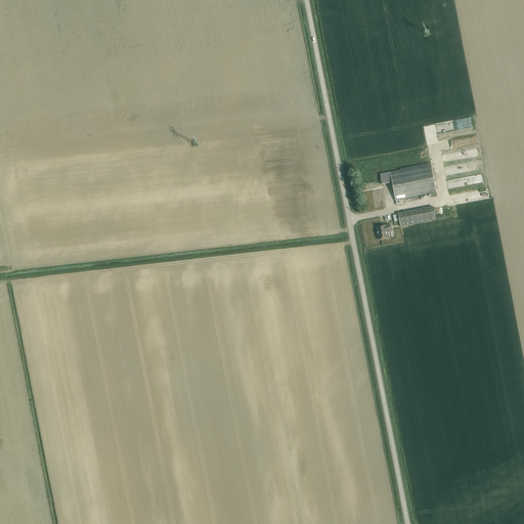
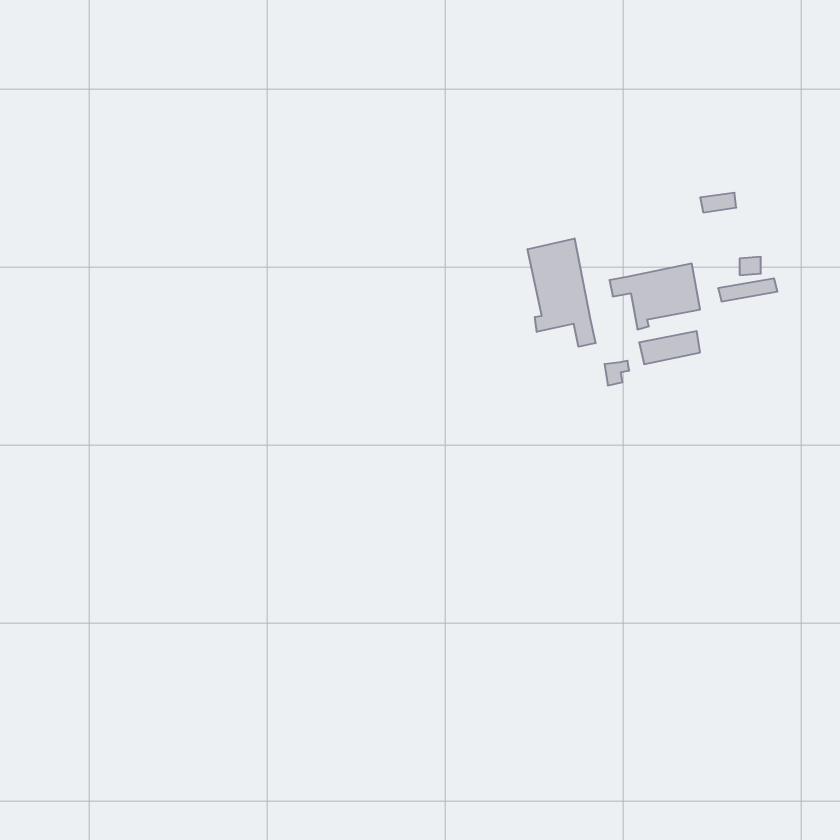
building: none -> [528,238,596,347]

